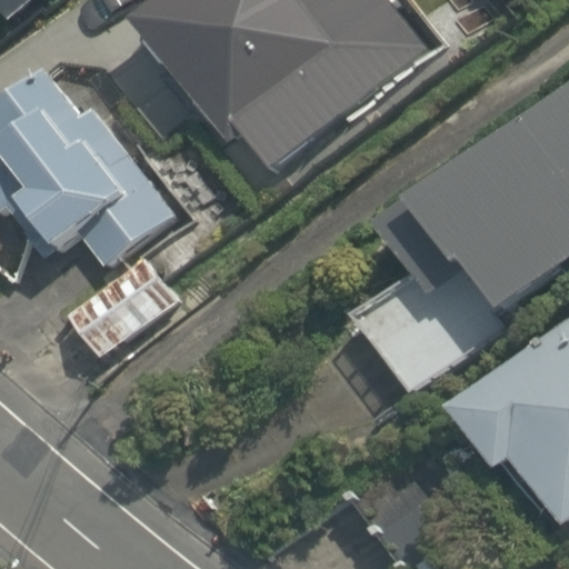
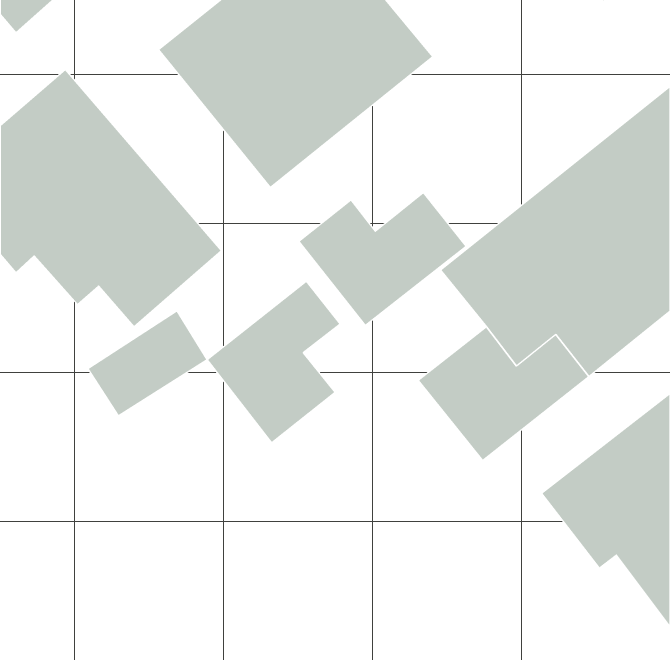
building: none -> [299,193,466,325]
building: none -> [207,281,340,443]

